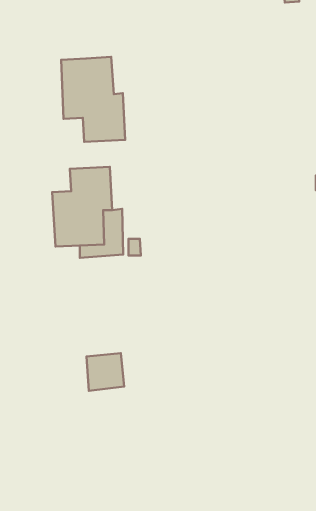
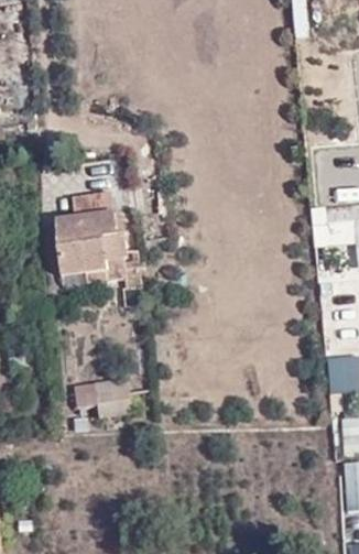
building: [61,57,125,142] -> none

